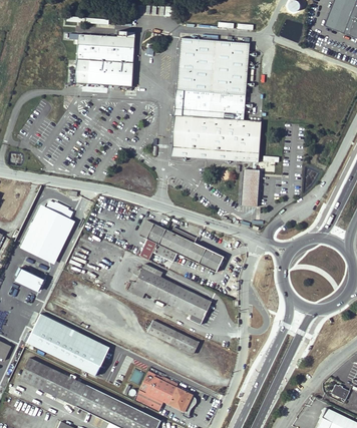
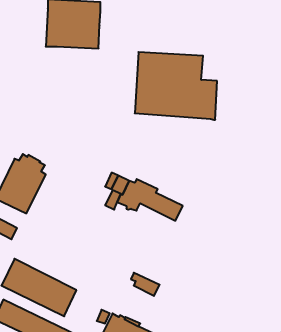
building: [175,39,249,93] -> none
building: [241,166,258,204] -> none
building: [127,268,211,326] -> none

